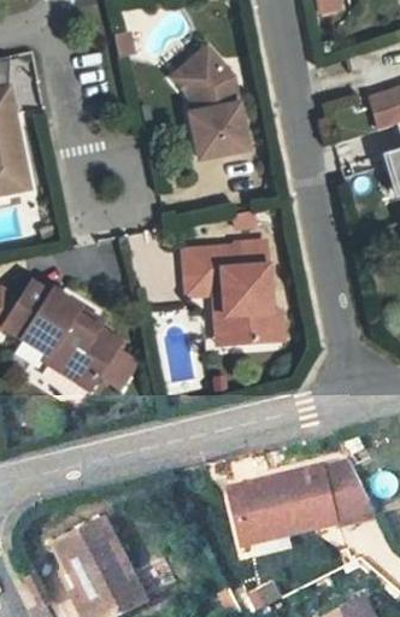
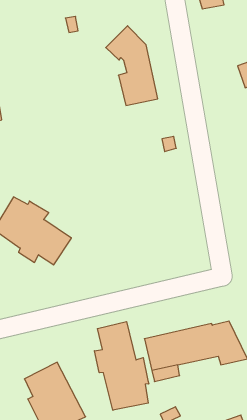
building: [187,241,290,346] -> none
building: none -> [94,322,149,410]

